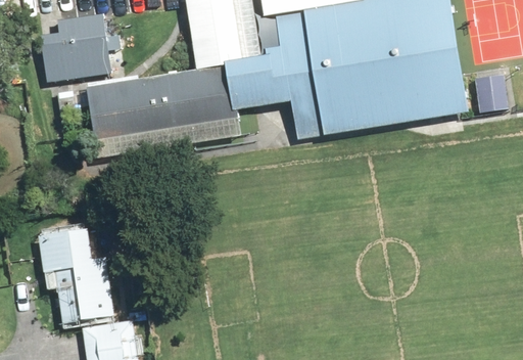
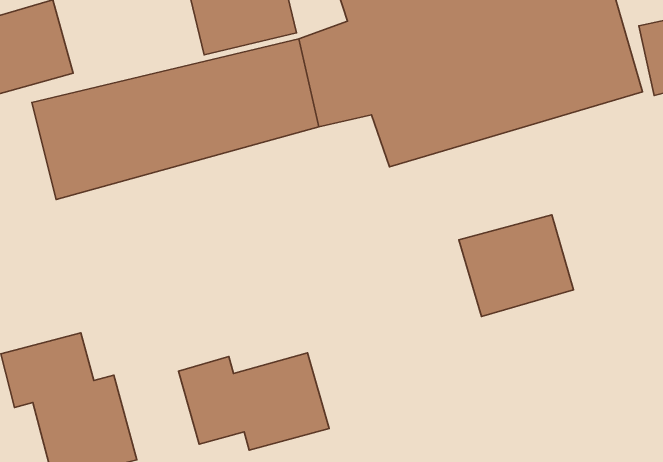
building: none -> [459,215,574,317]
building: none -> [178,353,329,450]

